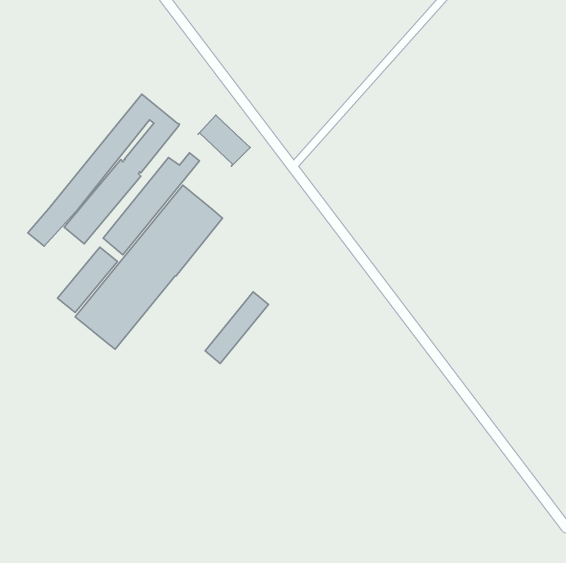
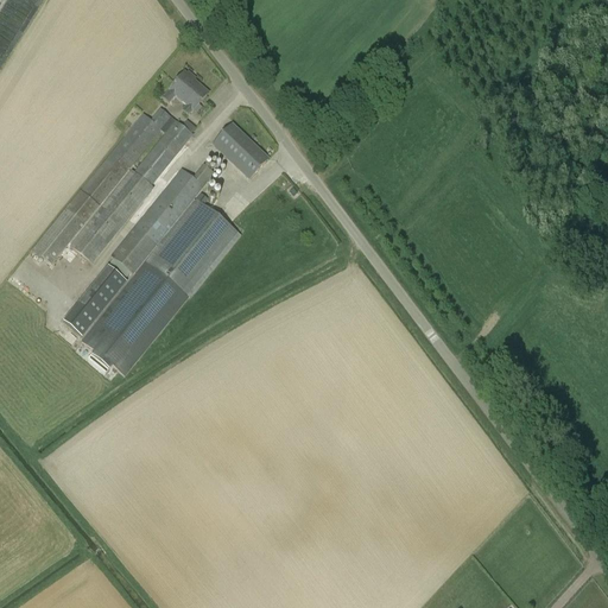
building: none -> [162,69,208,114]
building: [205,292,268,364] -> none

